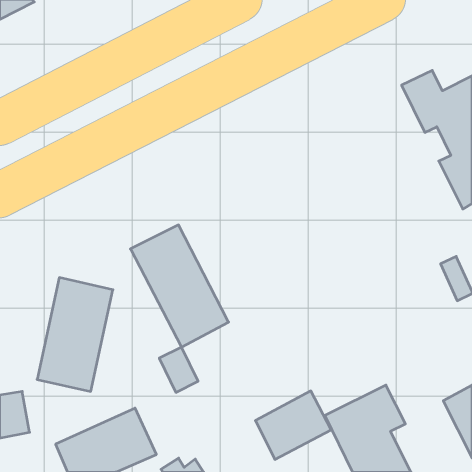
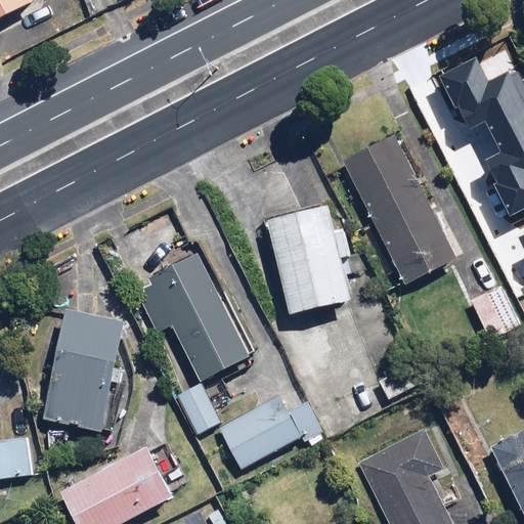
building: none -> [344,133,456,280]
building: none -> [264,206,350,314]
building: [255,391,331,459] -> [219,395,303,471]

